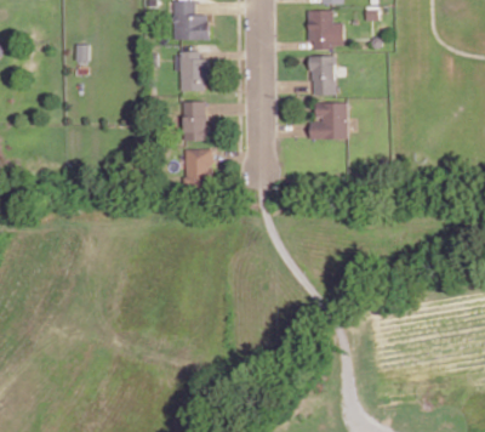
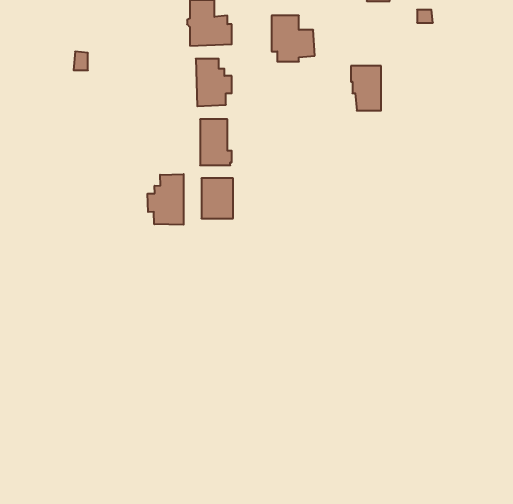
building: [308,11,344,50] -> [272,16,315,62]
building: [310,103,347,138] -> none
building: none -> [148,174,184,225]

